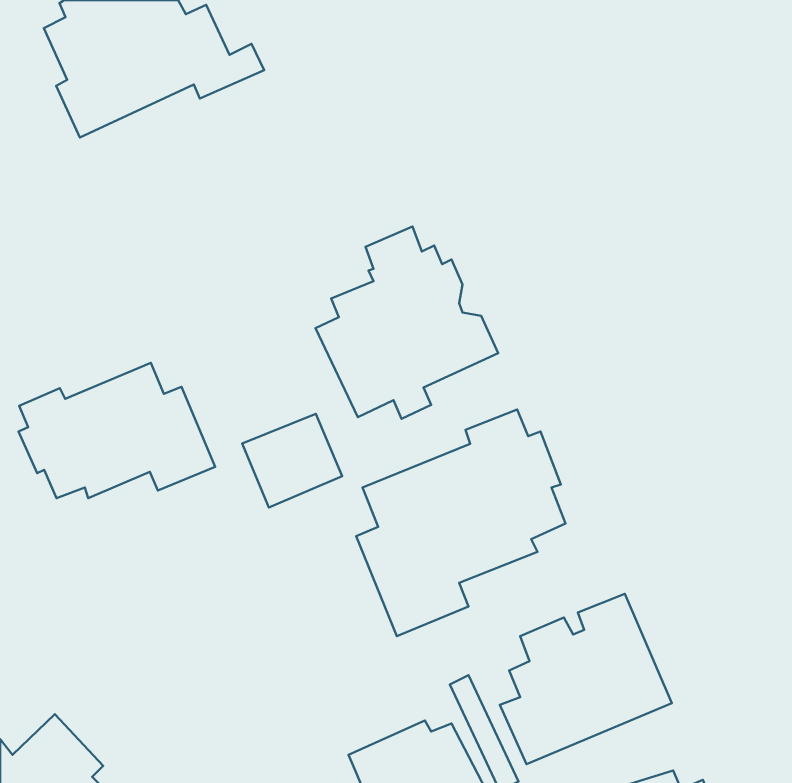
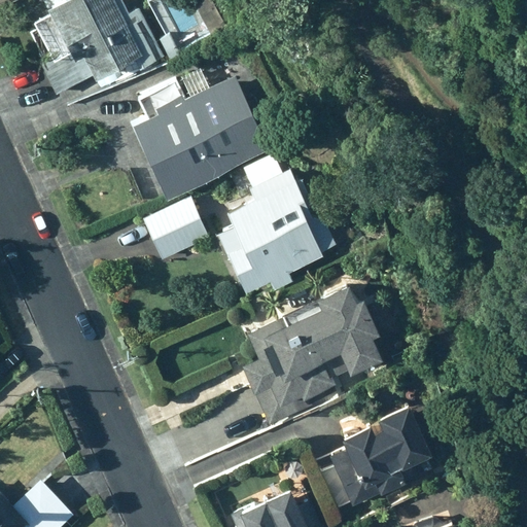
building: none -> [138,82,272,200]
building: [18,363,215,498] -> none
building: [242,414,342,508] -> [143,202,209,264]

